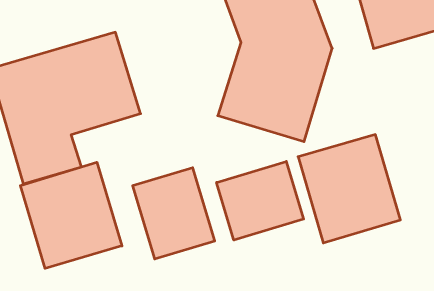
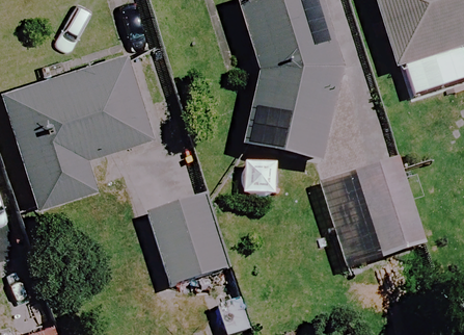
building: [217,161,304,240] -> none
building: [20,162,122,268] -> none

